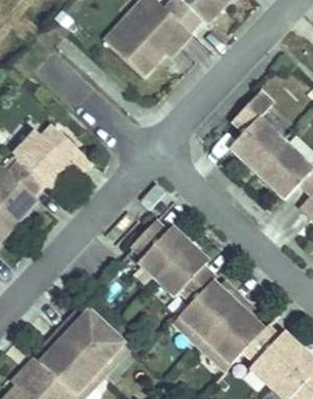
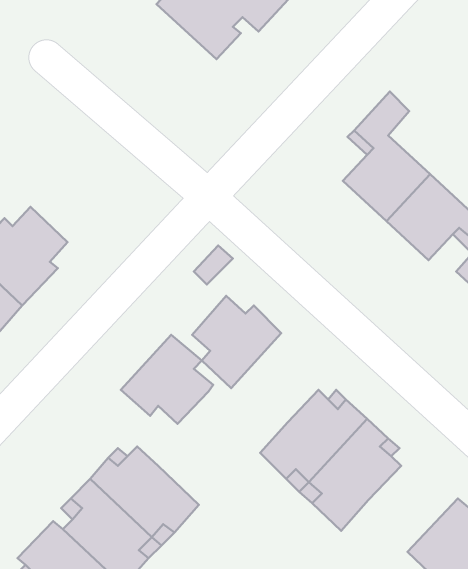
building: [23,130,85,190] -> none
building: [156,244,214,300] -> [121,335,213,424]
building: [243,325,300,383] -> none

